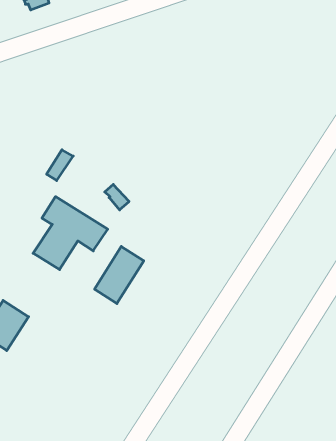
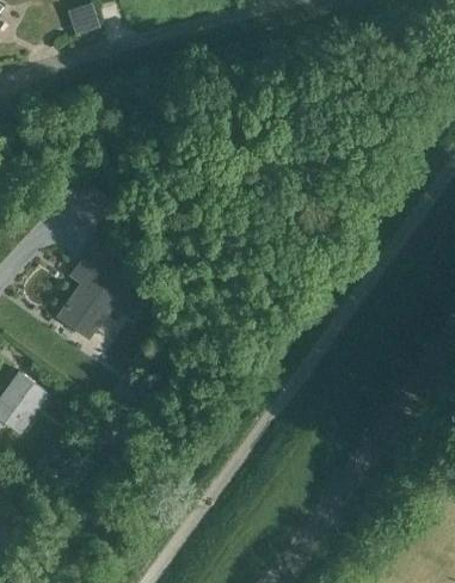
building: [95,246,144,304] -> none

